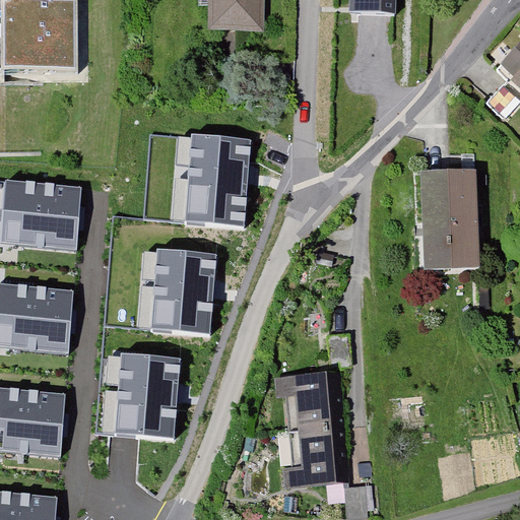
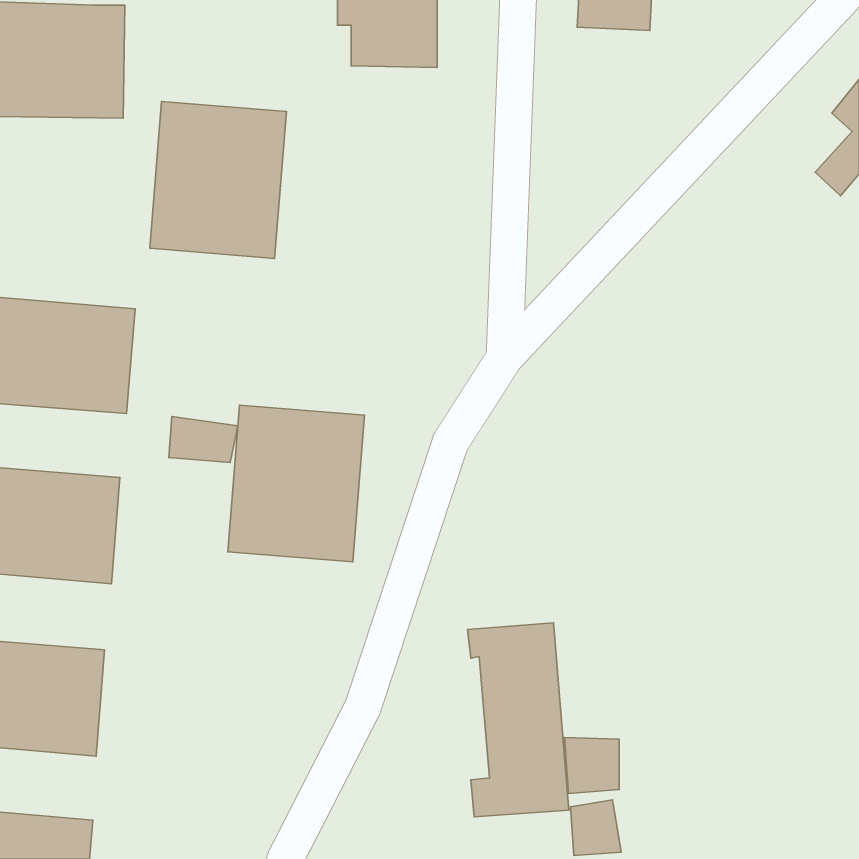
building: [168,132,250,226] -> [150,101,286,258]
building: [424,170,474,267] -> none
building: none -> [169,416,238,462]
building: [105,350,187,445] -> none
building: none -> [564,737,619,793]

